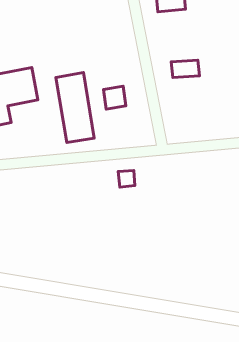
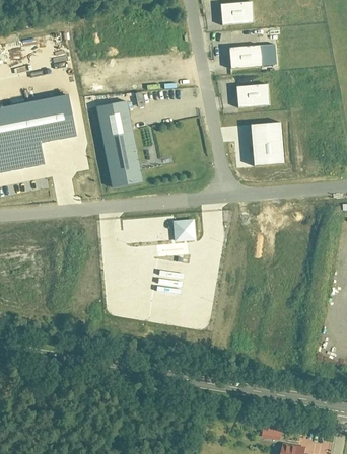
building: none -> [229,45,262,68]
building: [103,86,126,109] -> none
building: none -> [249,123,284,166]

